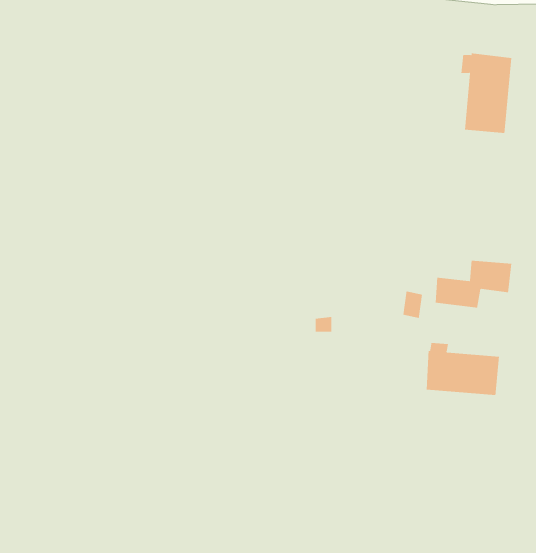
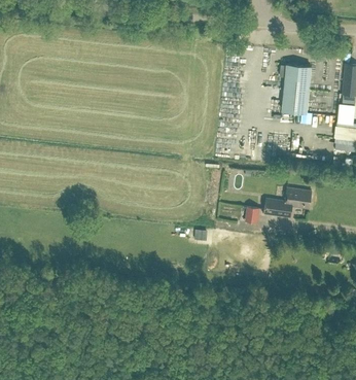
building: [426,342,499,396] -> none

